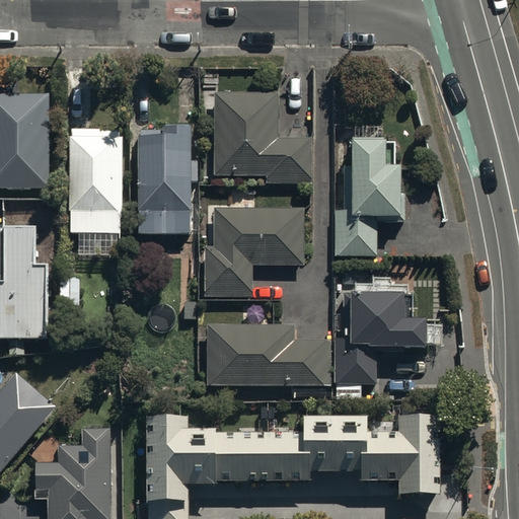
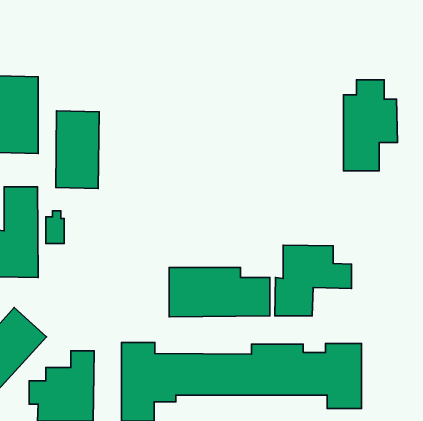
building: [214,93,311,174] -> none
building: [135,136,191,234] -> none
building: [336,146,401,256] -> [343,80,397,171]
building: [204,209,304,294] -> none

